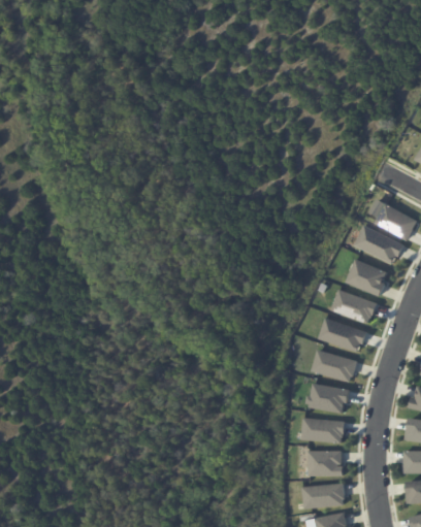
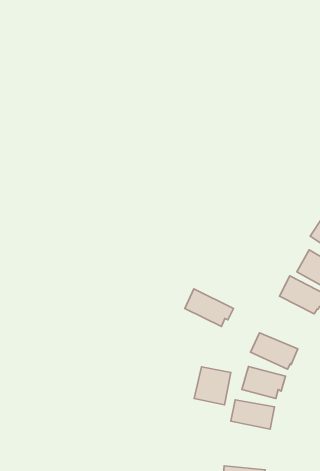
building: [320,317,368,350] -> [185,289,234,326]
building: none -> [194,367,231,405]
building: [307,451,343,476] -> none

